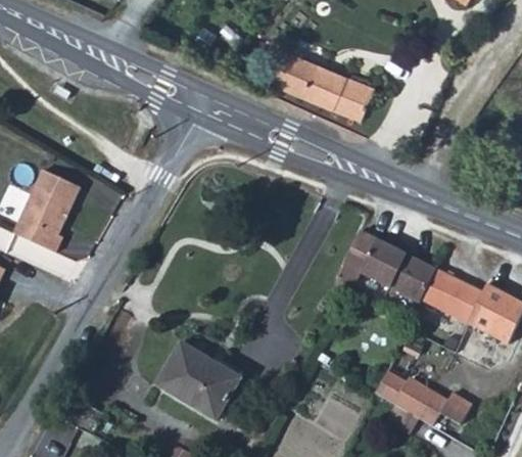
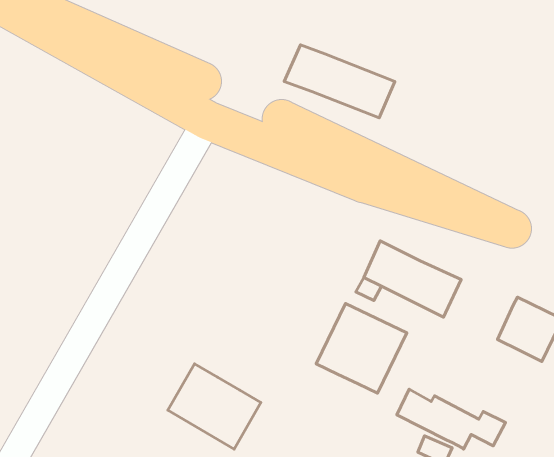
building: [12,170,80,253] -> none
building: [418,268,480,323] -> none
building: none -> [316,303,407,393]

